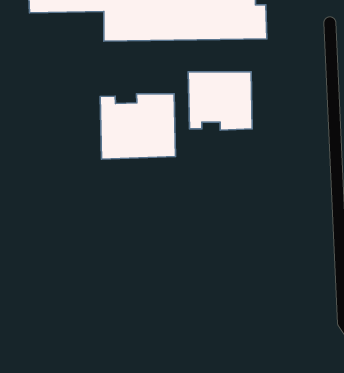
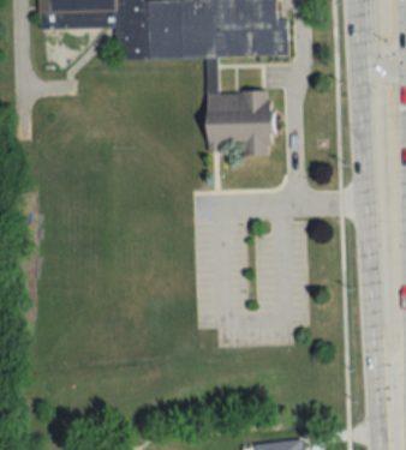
building: [100,94,175,159] -> none

